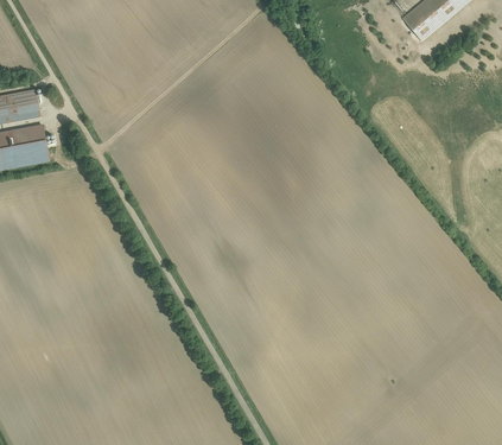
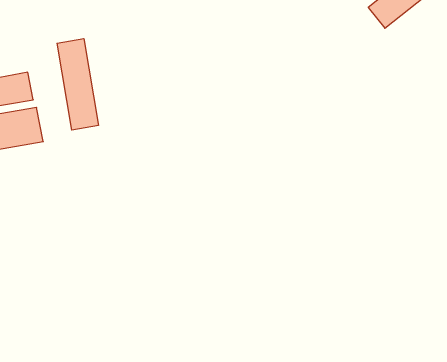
building: none -> [57,39,98,130]

